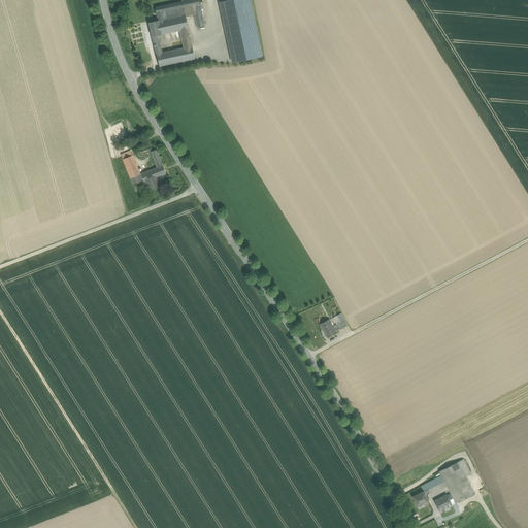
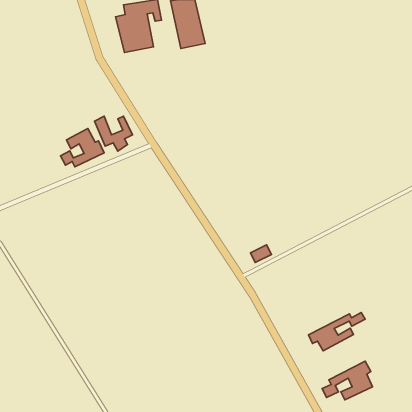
building: none -> [60,129,104,167]
building: none -> [308,312,365,351]

